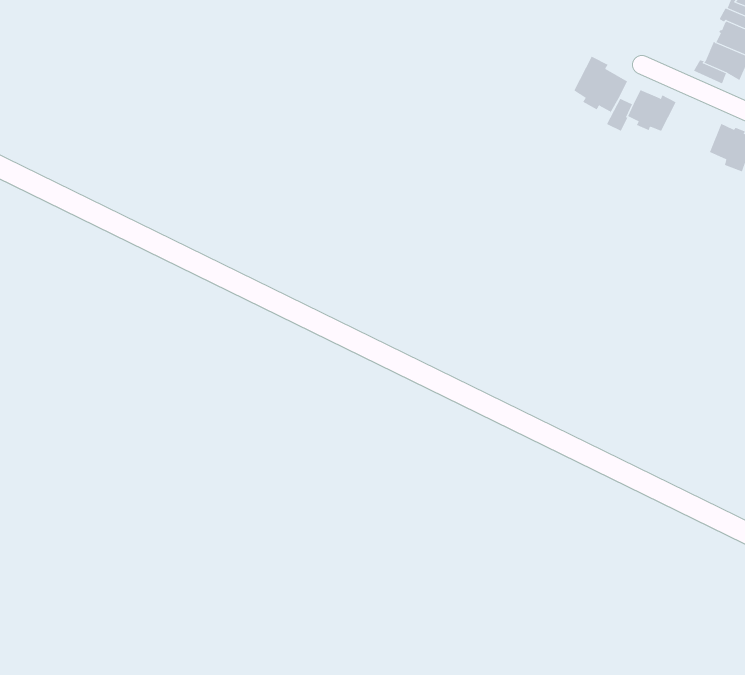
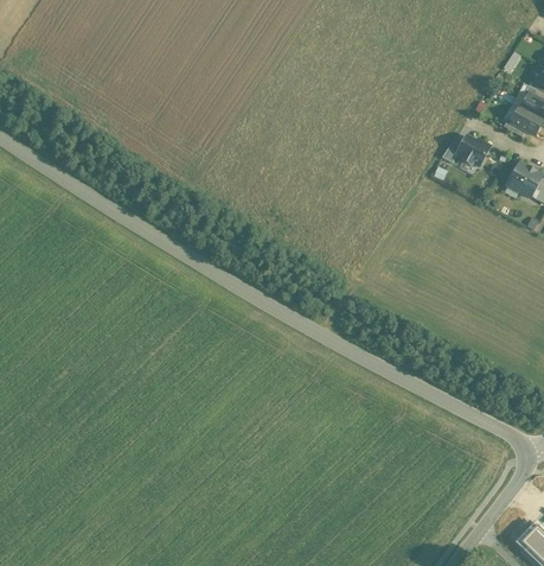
building: [574,56,628,114] -> none

